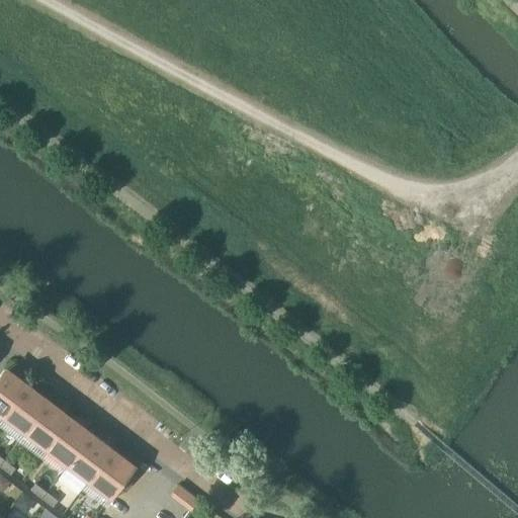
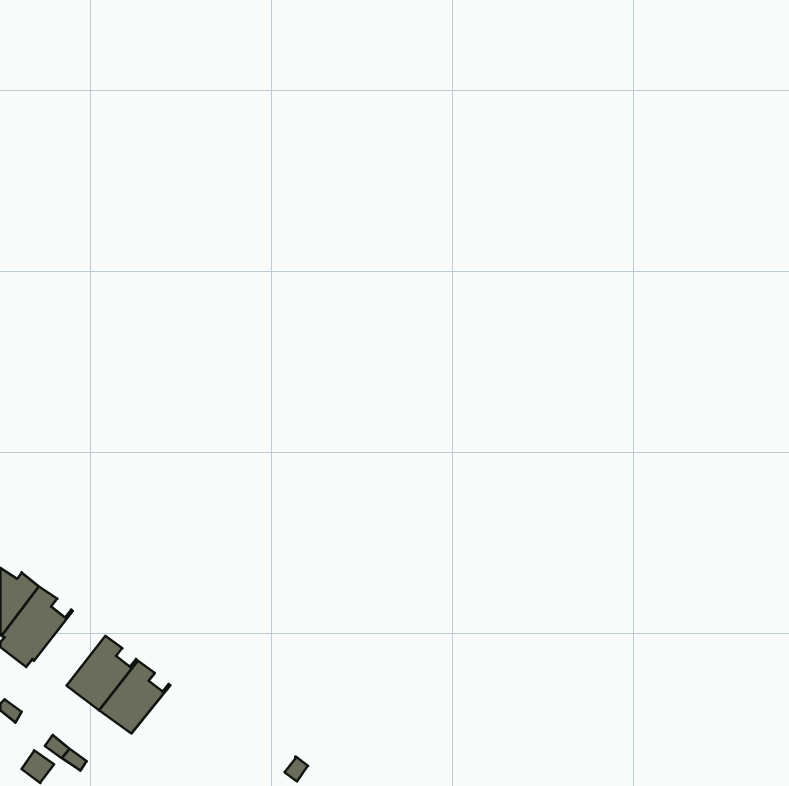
building: [23,400,70,448] -> none
building: [87,448,131,497] -> none

